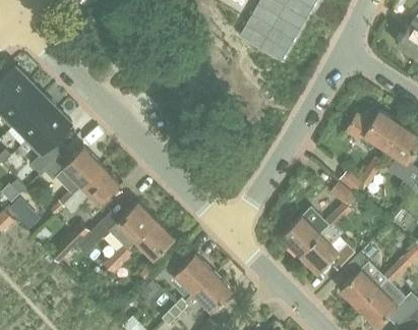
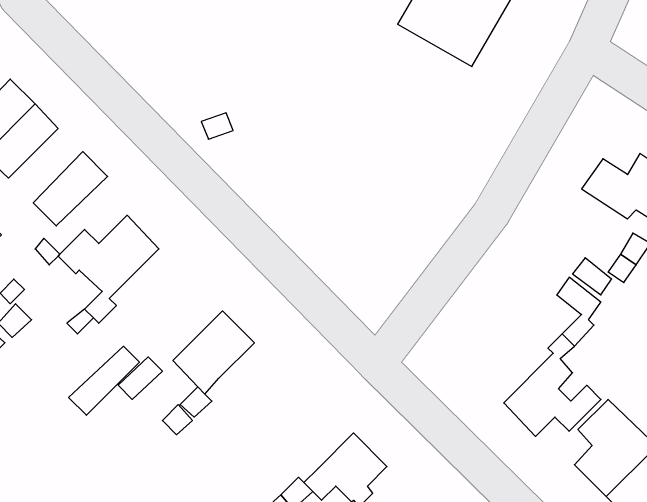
building: [14,97,57,140] -> none
building: [66,166,120,215] -> none
building: [281,207,327,255] -> none
building: [135,220,175,263] -> none
building: [172,255,213,292] -> none

